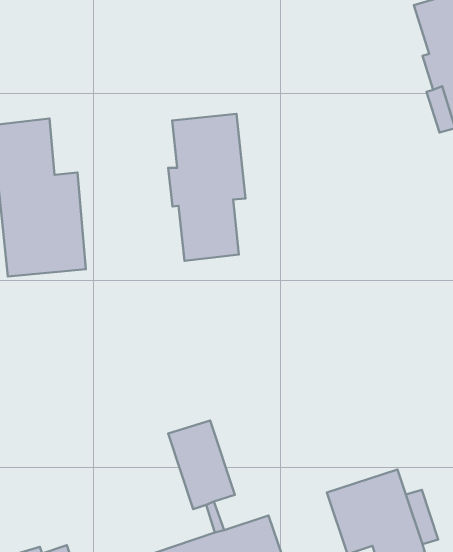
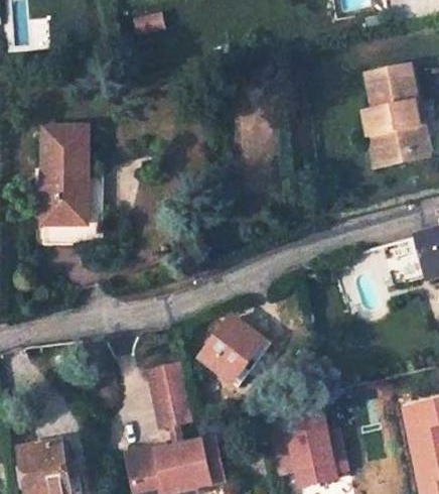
building: [168,114,245,261] -> none
building: none -> [197,320,265,387]

